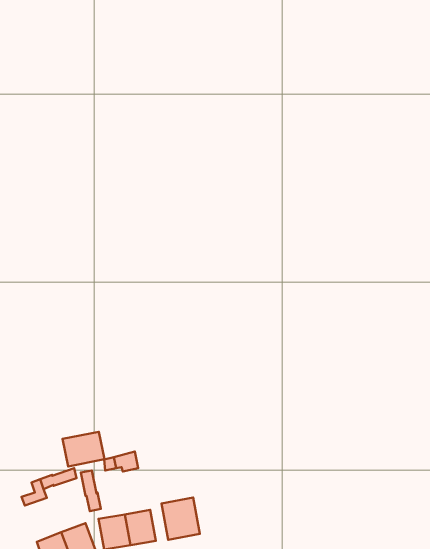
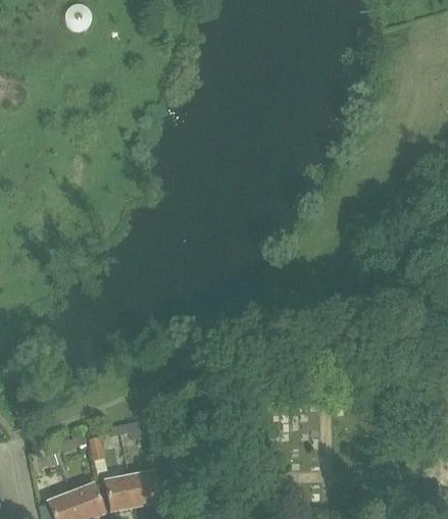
building: [63,432,104,467] -> none
building: [162,498,200,540] -> none

